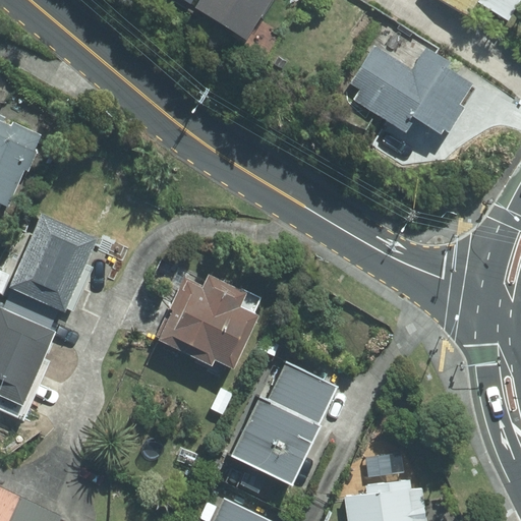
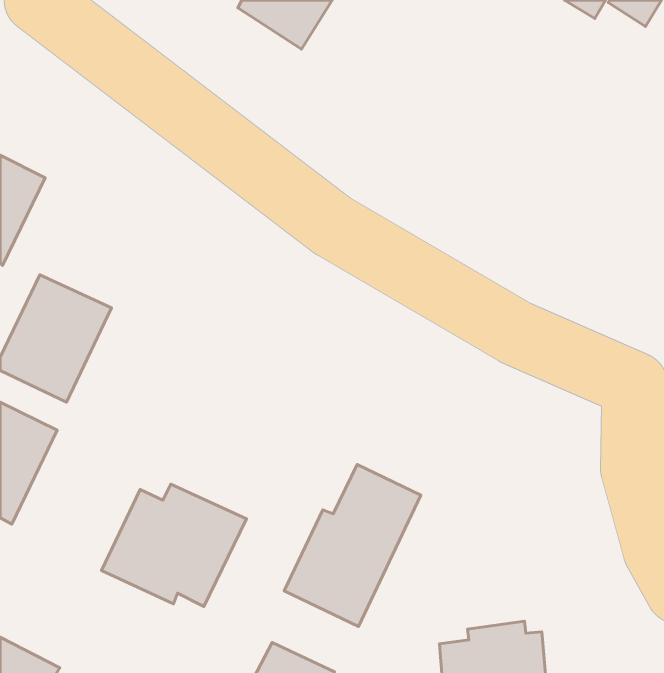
building: [356,48,469,139] -> none
building: [154,273,265,366] -> [102,484,246,606]

